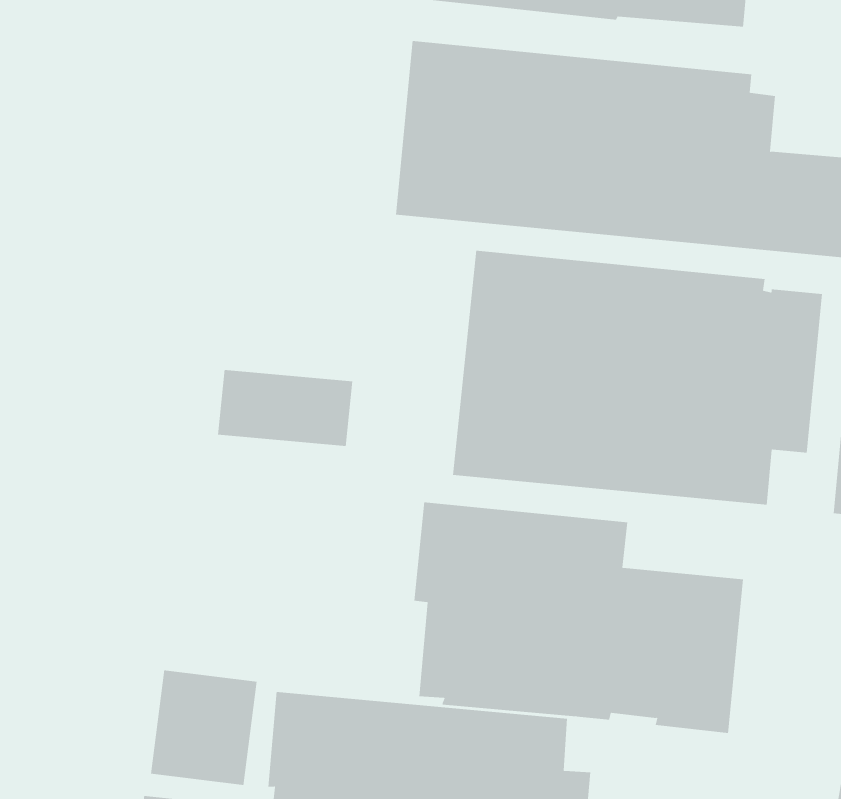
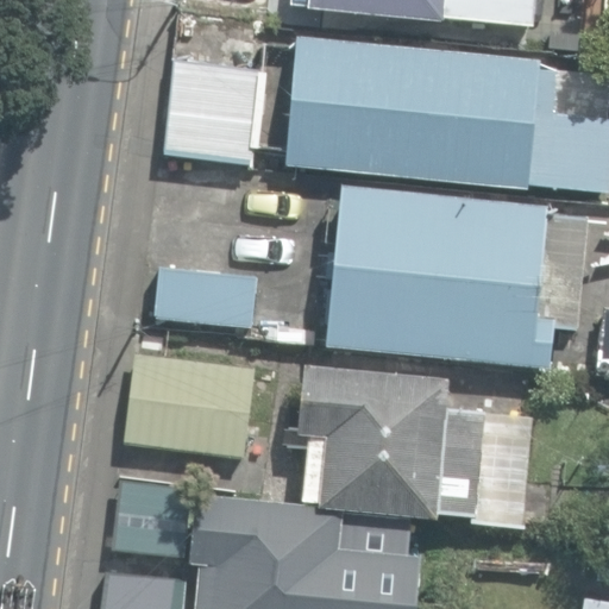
building: none -> [161,62,262,164]
building: none -> [124,354,253,457]

